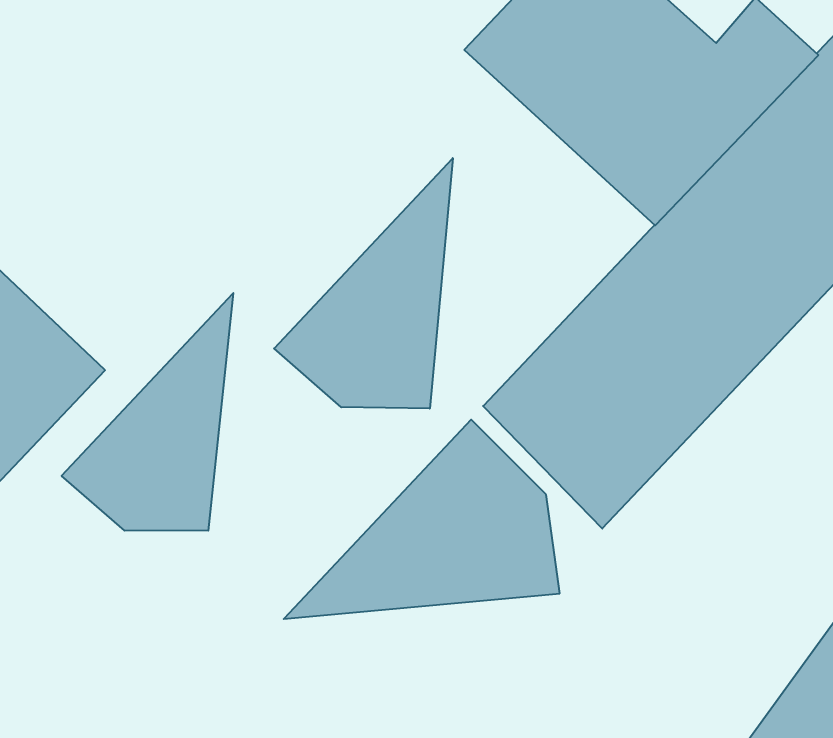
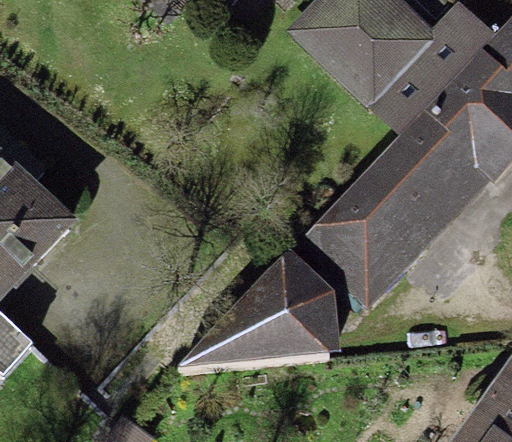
building: [274,158,453,409] -> none
building: [62,293,233,531] -> none

